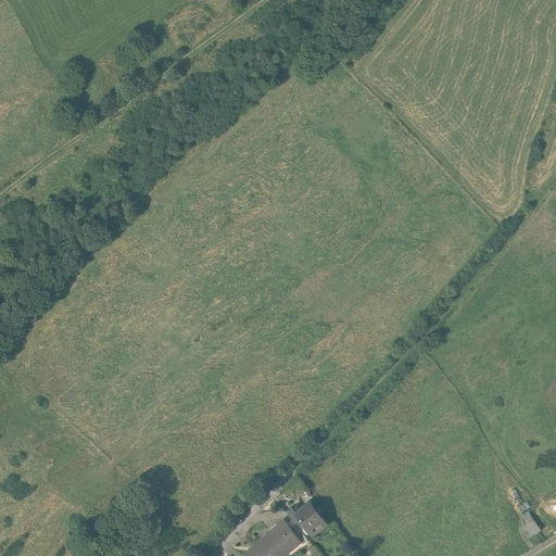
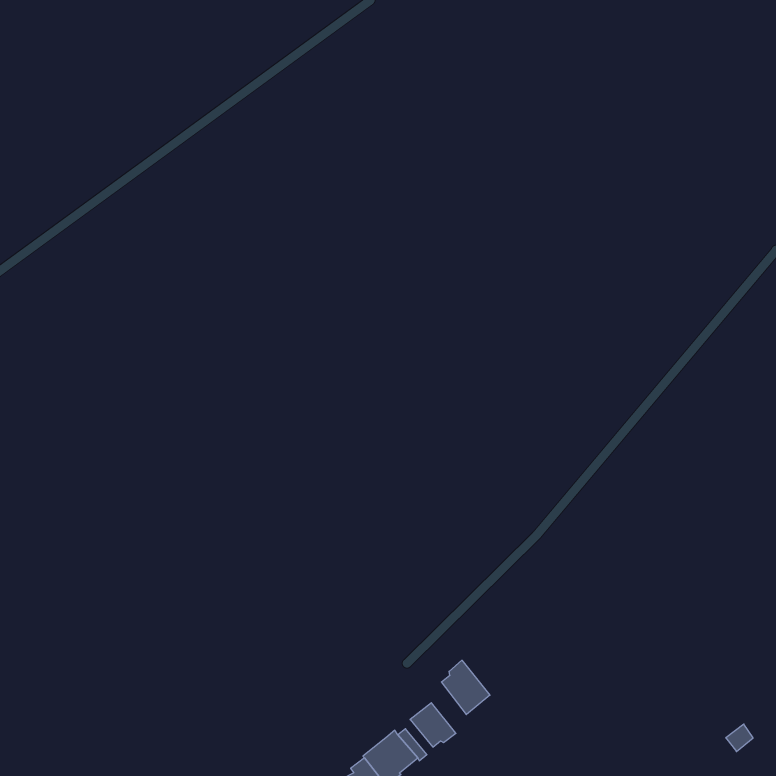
building: none -> [441,660,490,715]

